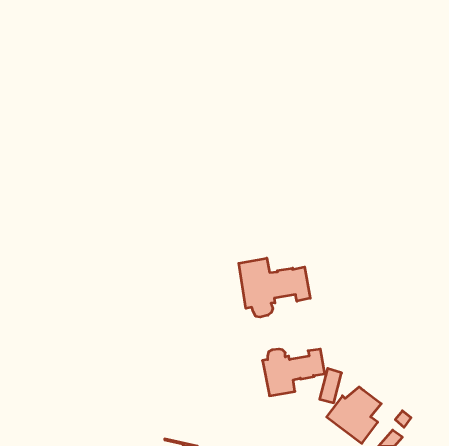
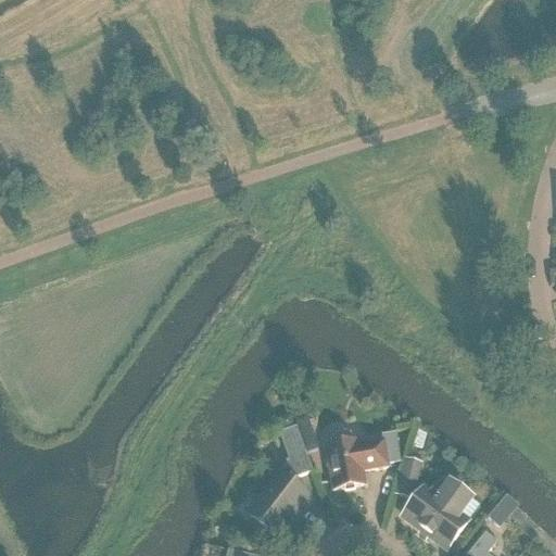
building: [239,258,310,317] -> none
building: none -> [249,424,313,534]

